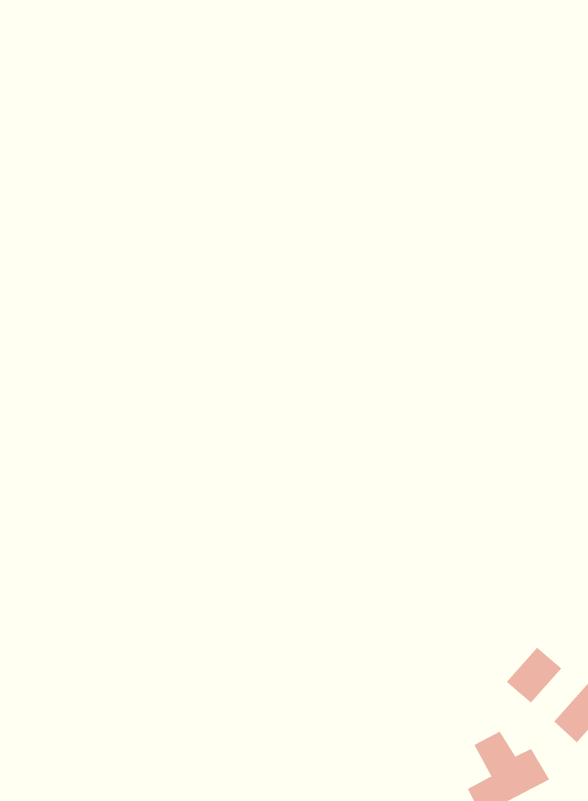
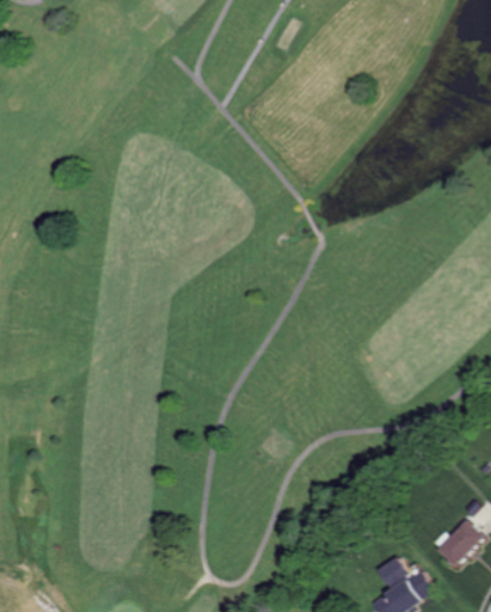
building: [506,647,562,703] -> none

